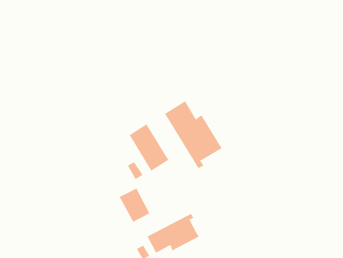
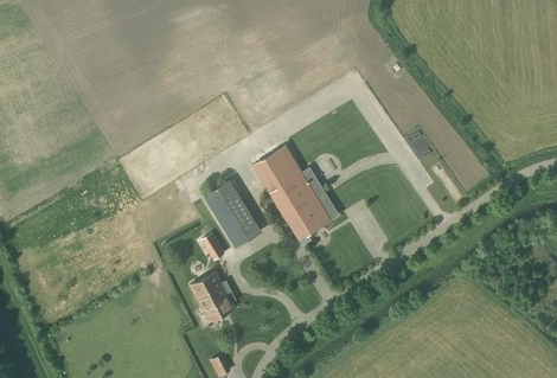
building: [147,213,199,254] -> none

